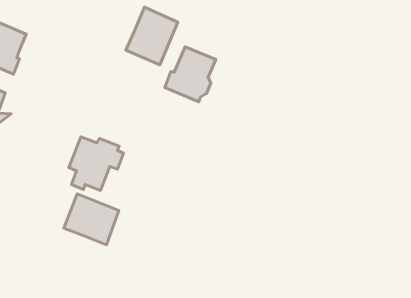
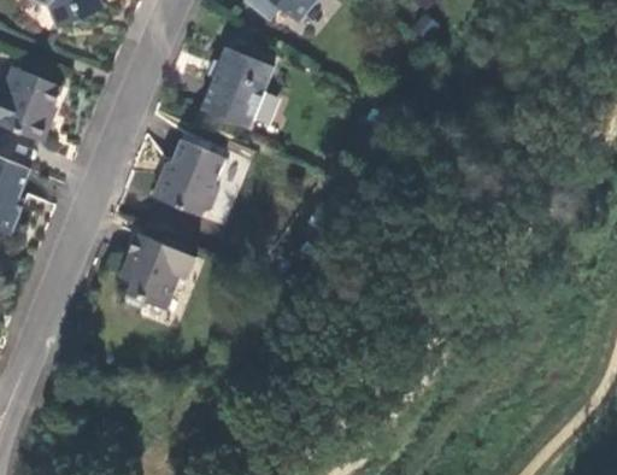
building: [165,47,216,102] -> [152,140,224,218]
building: [64,194,119,245] -> none

